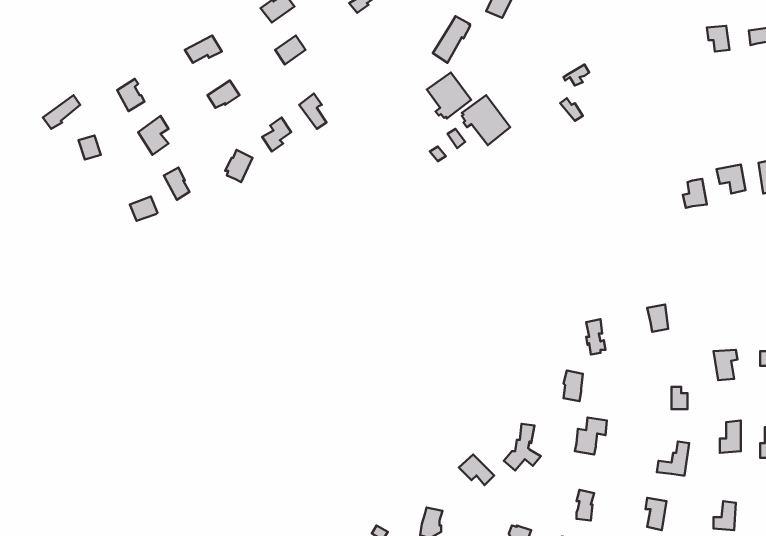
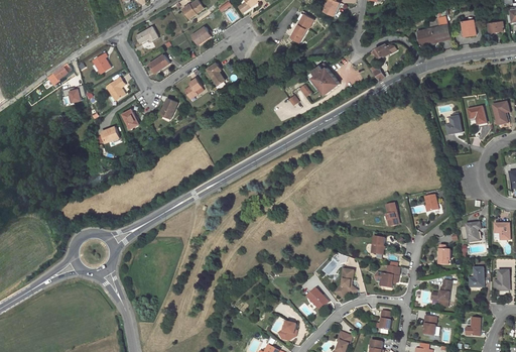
building: none -> [417,15,449,45]
building: [427,72,471,119] -> none

